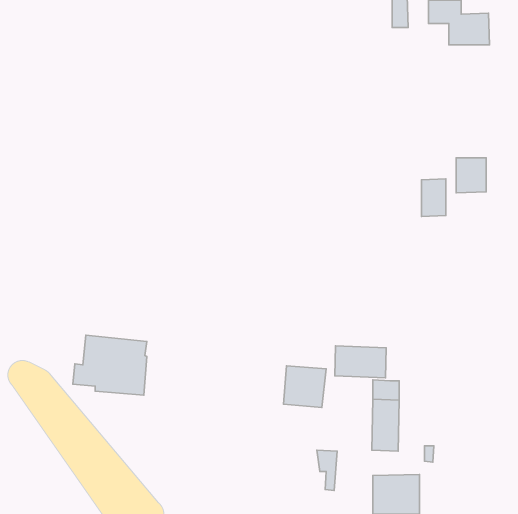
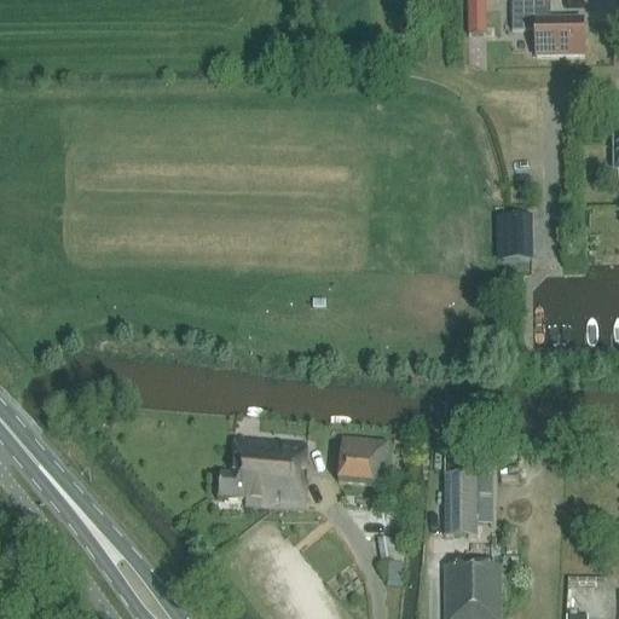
building: [456,158,486,193] -> none
building: [73,335,147,395] -> [219,436,307,508]
building: [335,346,386,378] -> none

